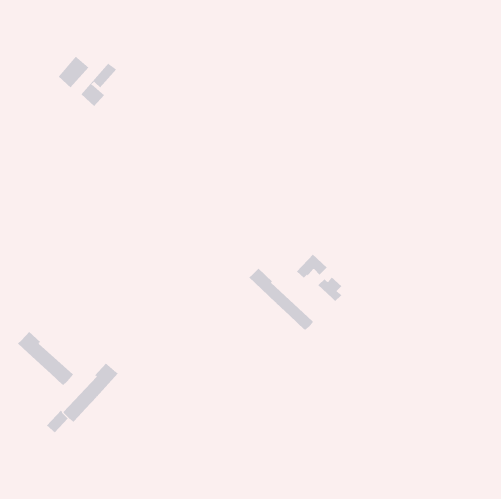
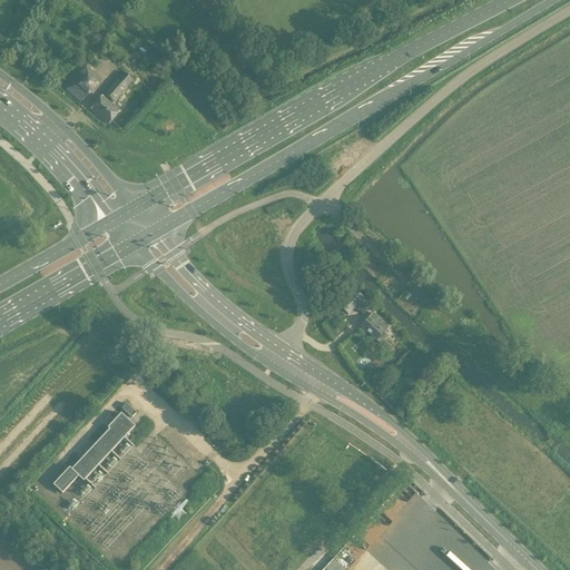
building: [248,268,314,331] -> none
building: [17,331,73,386] -> none

